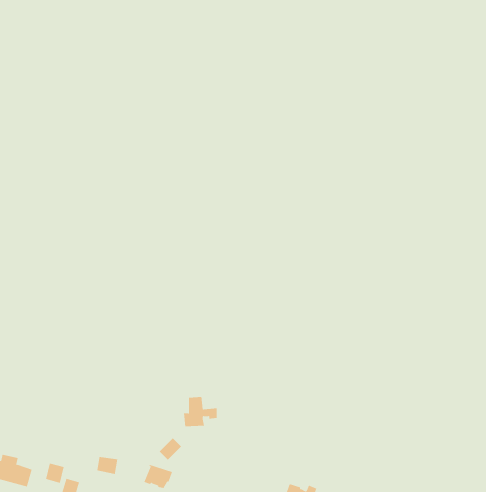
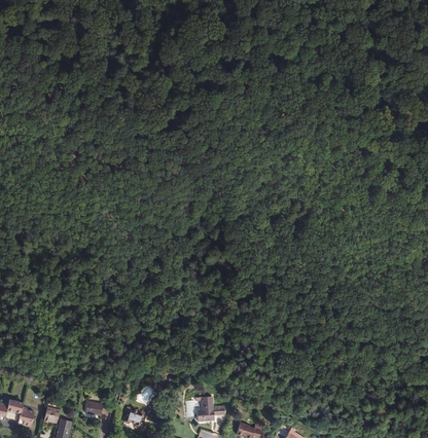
building: [183,396,218,427] -> [198,397,225,422]

